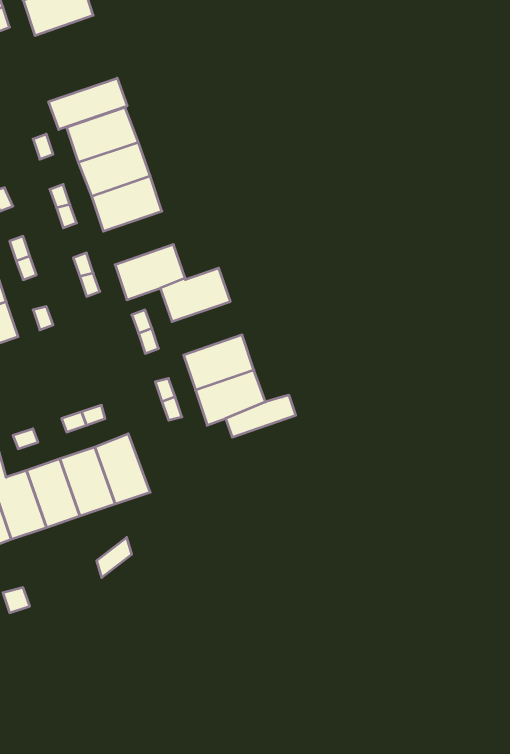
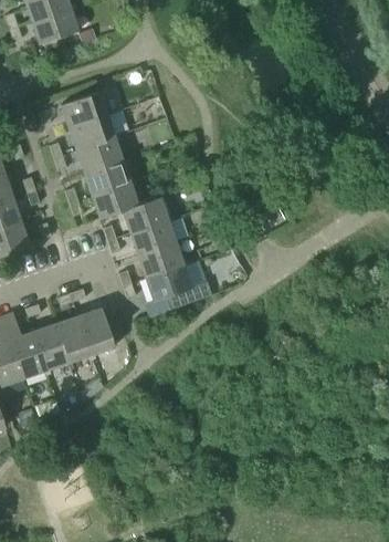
building: [49,78,127,130] -> none
building: none -> [85,160,132,196]
building: none -> [130,220,177,256]

